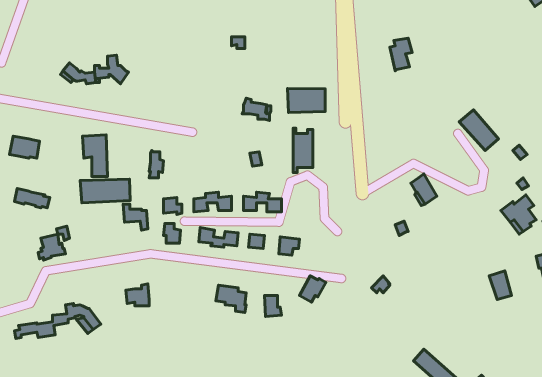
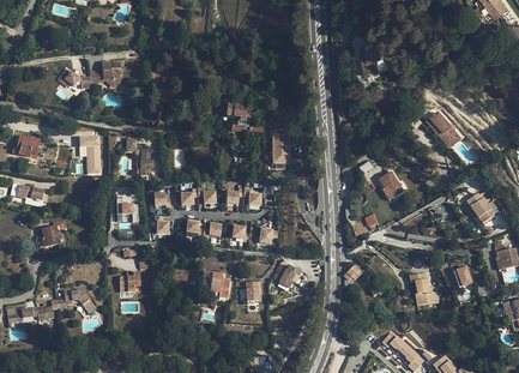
building: [288,88,325,113] -> none
building: [80,179,130,203] -> none
building: none -> [409,273,440,307]

